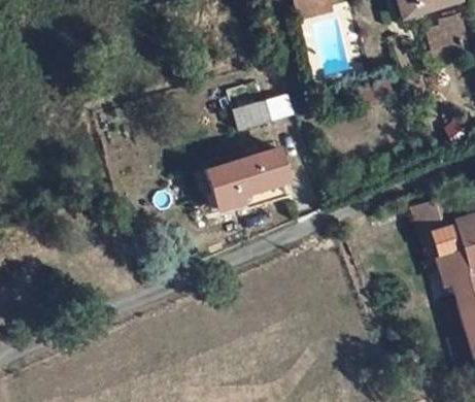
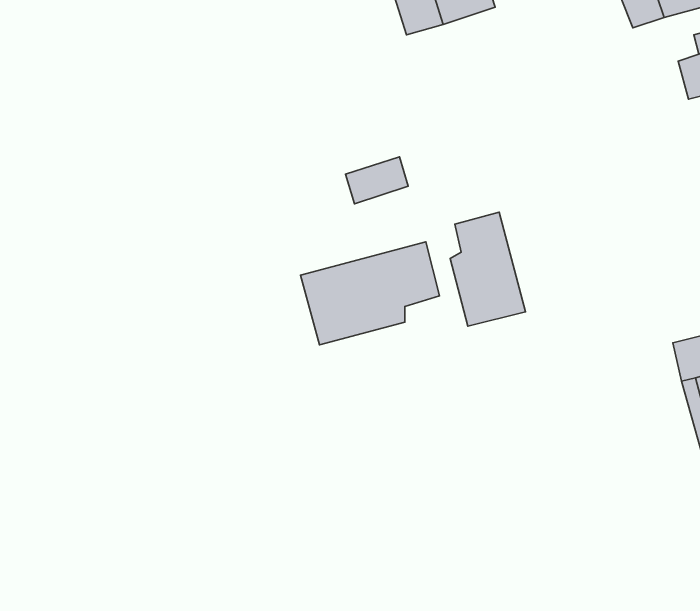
building: none -> [450,212,525,326]

